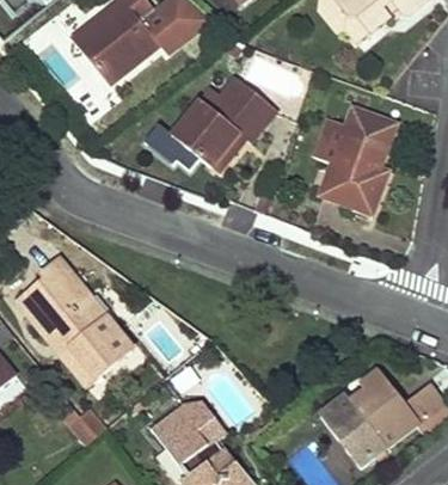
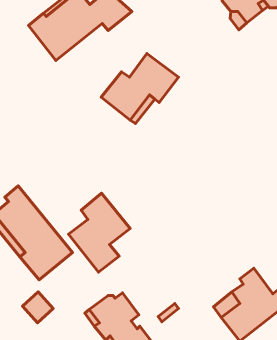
building: [318,111,393,217] -> none
building: none -> [68,193,130,272]

